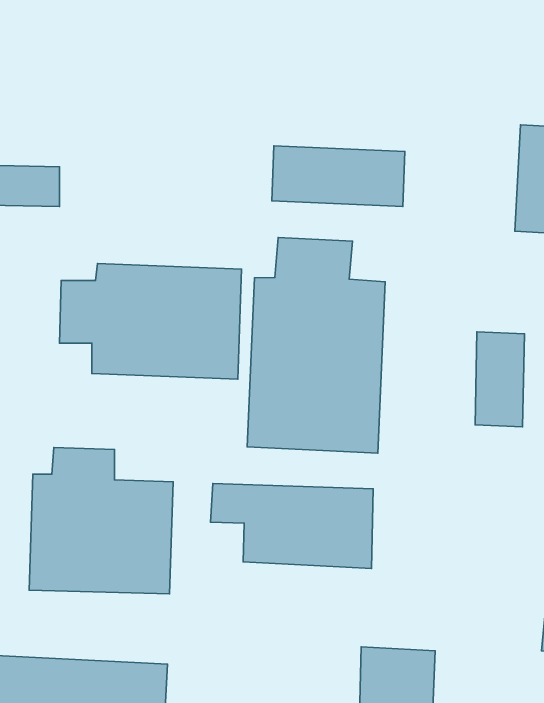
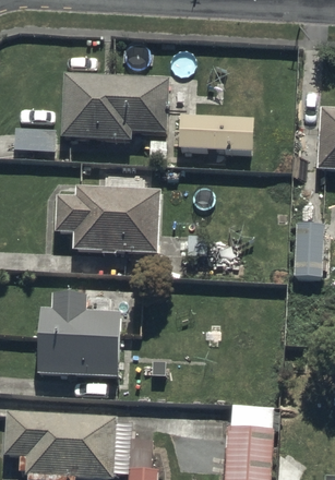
building: none -> [60,73,170,141]
building: [247,237,385,453] -> none
building: [210,484,373,568] -> none

